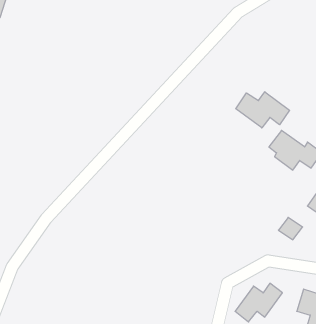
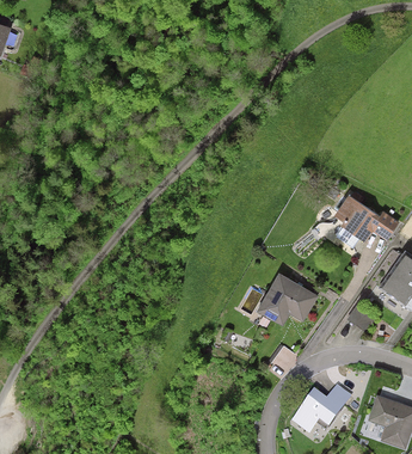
building: [236,92,290,128] -> none
building: none -> [257,274,318,327]

